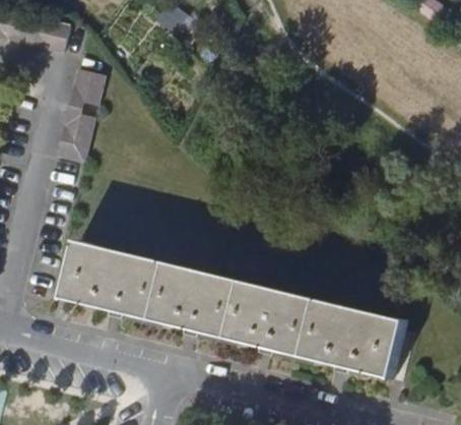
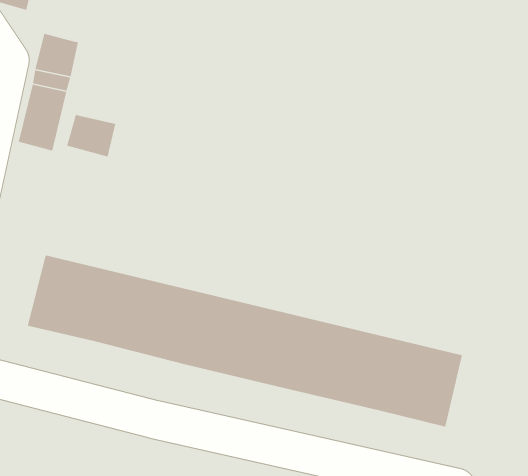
building: none -> [66,114,116,157]

